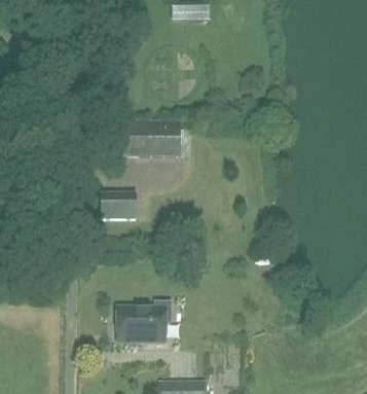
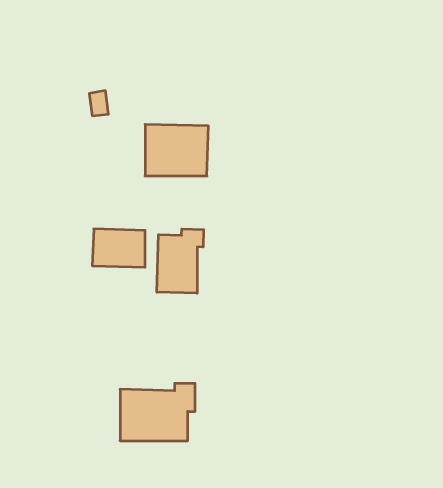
building: none -> [157,229,204,293]

